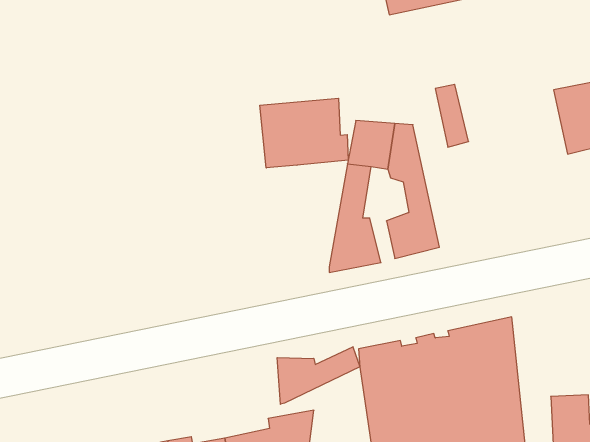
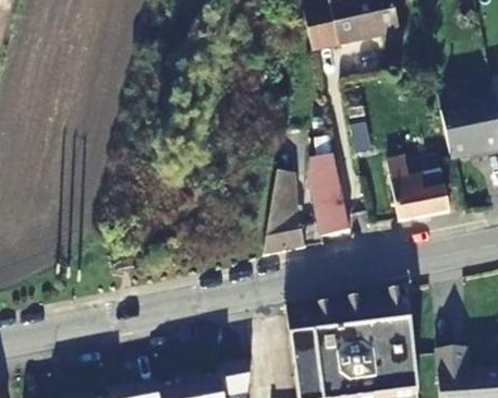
building: [260,98,348,168] -> none
building: none -> [391,158,453,220]
building: [277,347,360,404] -> none

